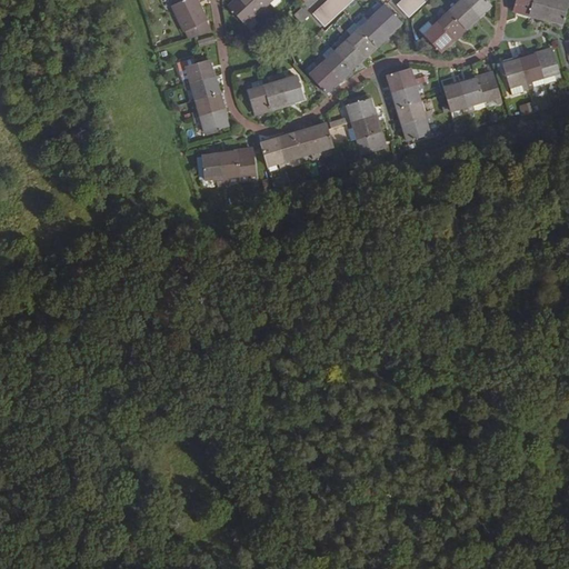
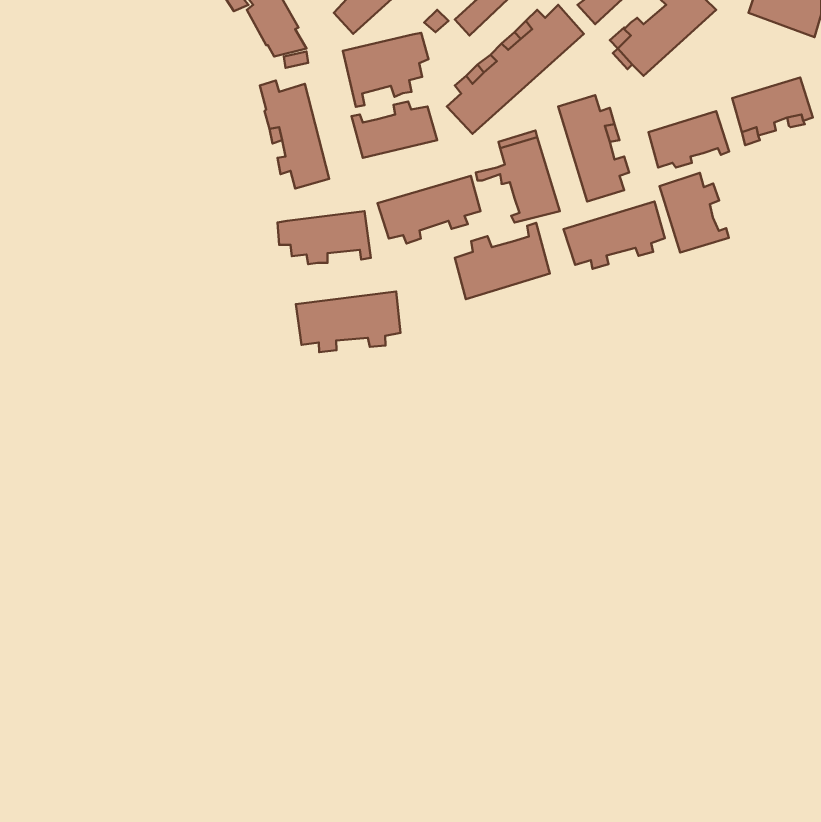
building: none -> [343,33,429,107]
building: none -> [660,173,729,252]
building: none -> [564,201,665,269]
building: none -> [455,223,550,299]
building: none -> [296,292,400,352]

